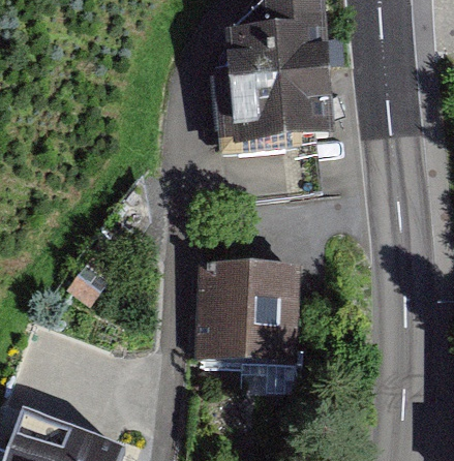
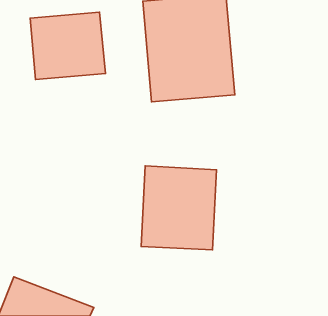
building: none -> [30,12,105,80]

